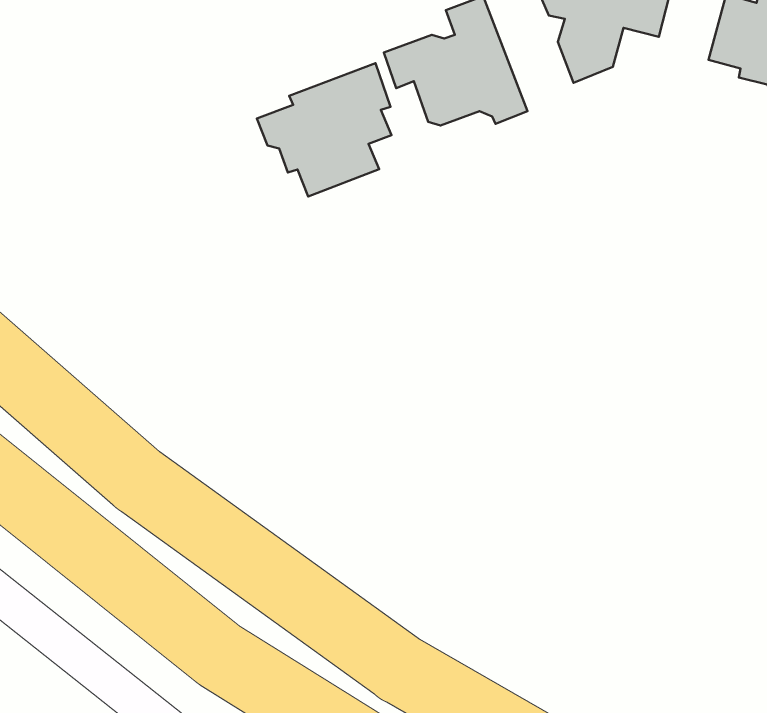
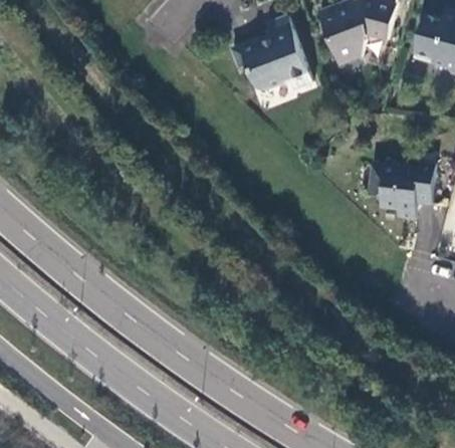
building: [257,63,391,196] -> none
building: none -> [369,163,435,218]

